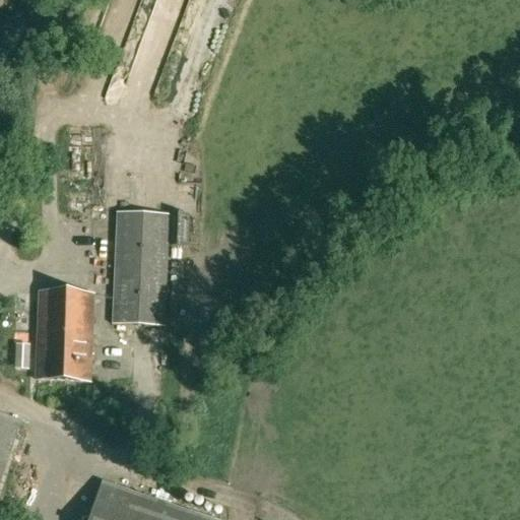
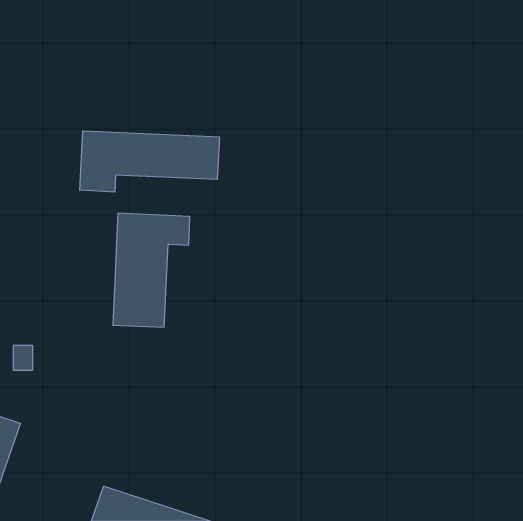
building: none -> [80,131,219,192]
building: [36,292,91,380] -> none

